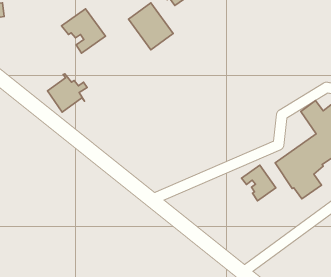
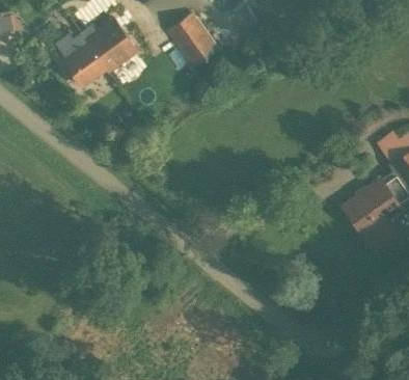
building: [48,74,87,112] -> [61,38,109,85]
building: [241,165,276,201] -> none

